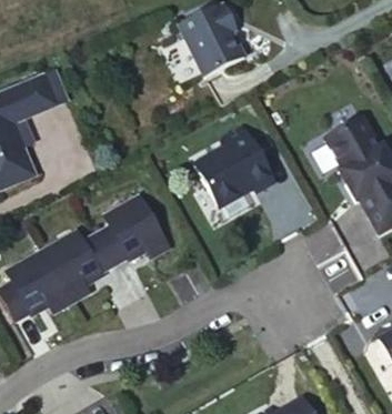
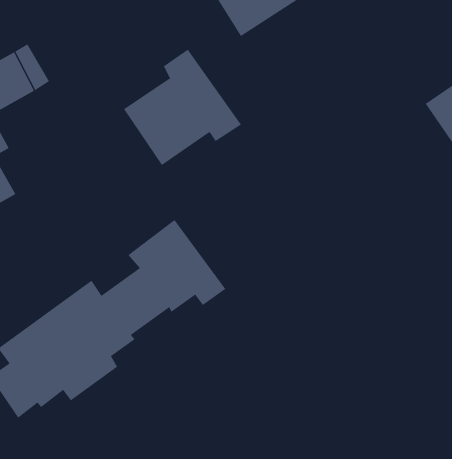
building: [194,124,275,203] -> [123,49,242,166]

